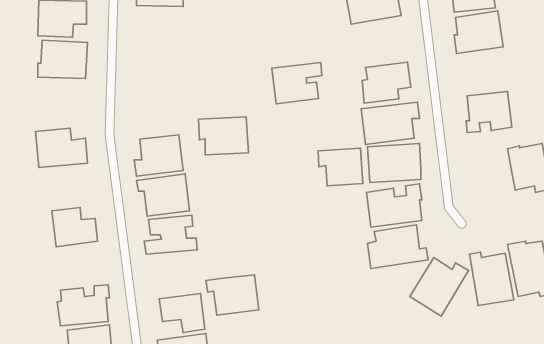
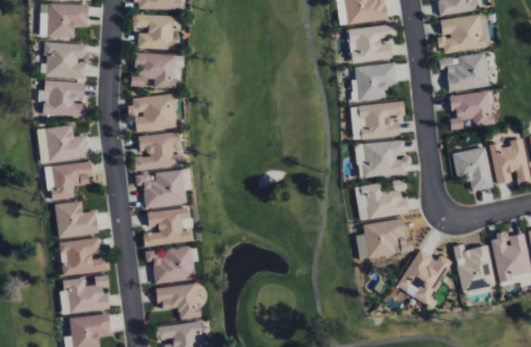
building: none -> [132,15,178,49]
building: none -> [130,53,175,88]
building: none -> [439,53,488,91]
building: [272,63,322,104] -> [347,24,395,63]
building: none -> [38,81,89,117]
building: [199,117,248,155] -> [129,94,176,131]
building: [318,148,363,186] -> none
building: none -> [452,147,493,191]
building: none -> [45,163,91,200]
building: none -> [58,237,110,276]
building: [206,275,259,315] -> [144,245,195,284]

